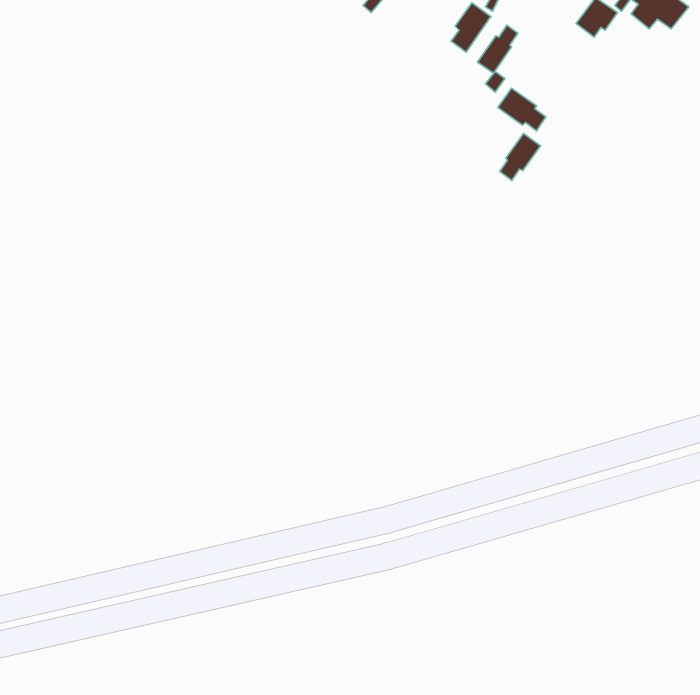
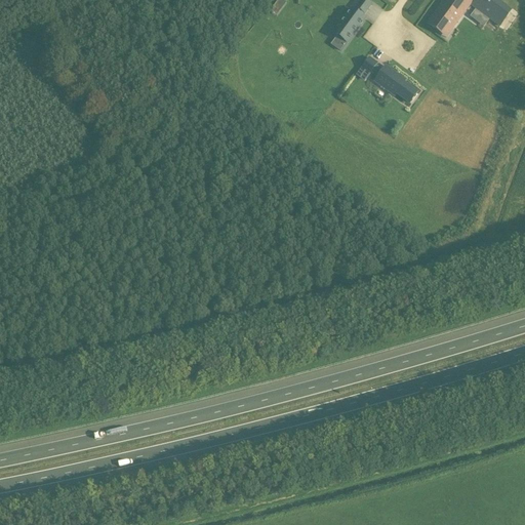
building: [478,25,518,73] -> none
building: [500,133,541,180] -> none

